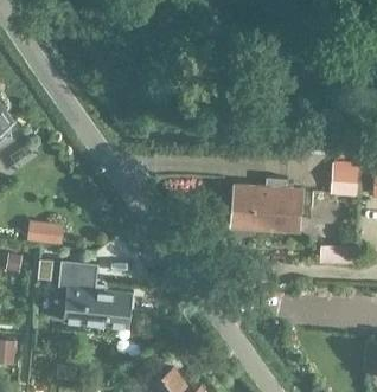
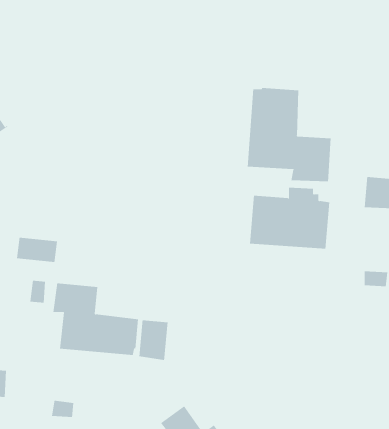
building: none -> [247,87,331,182]
building: none -> [139,320,168,361]

